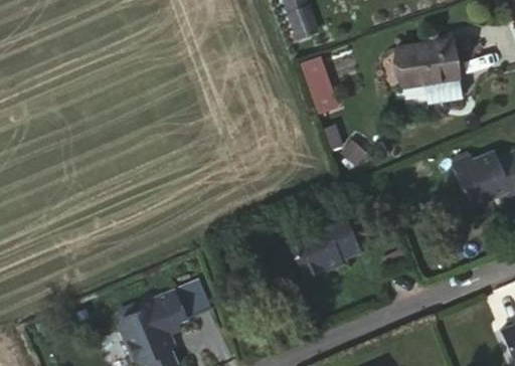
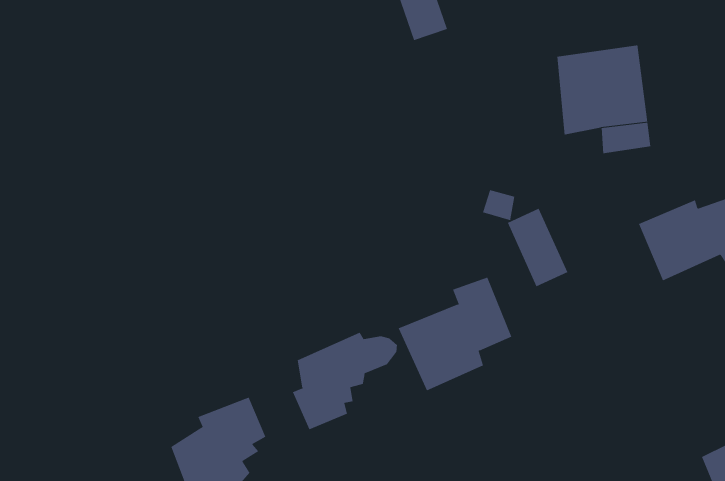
building: [299,51,340,113] -> none
building: none -> [507,208,568,287]
building: none -> [292,332,397,430]

